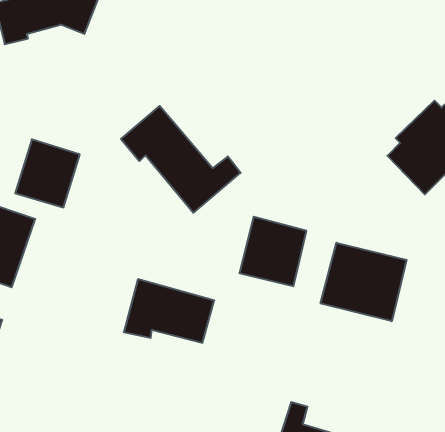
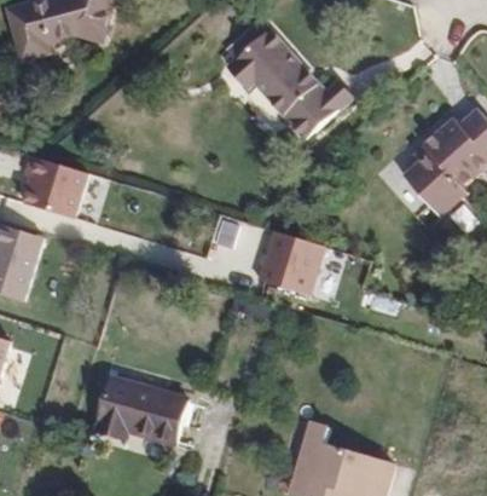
building: [121,106,241,213] -> [234,23,358,133]
building: [321,243,406,321] -> none
building: [124,279,214,343] -> [91,374,184,439]

